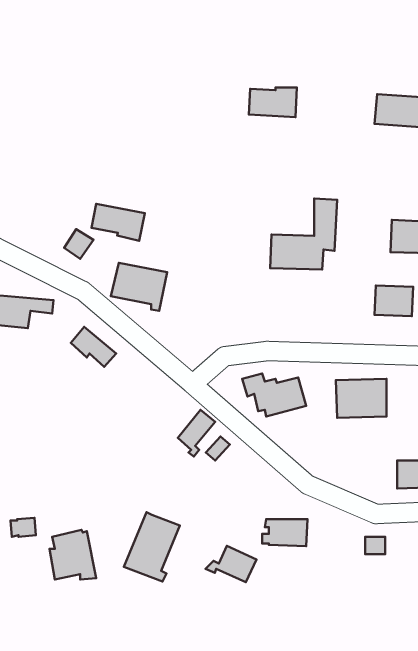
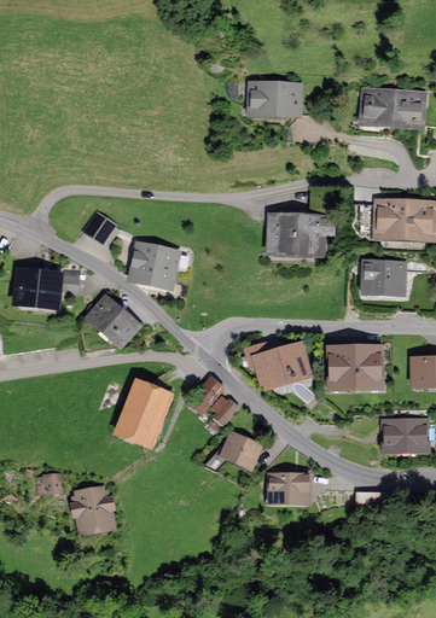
building: [92,204,145,241] -> none
building: [124,512,180,582] -> [118,384,169,447]
building: [206,546,256,582] -> [214,435,260,467]

